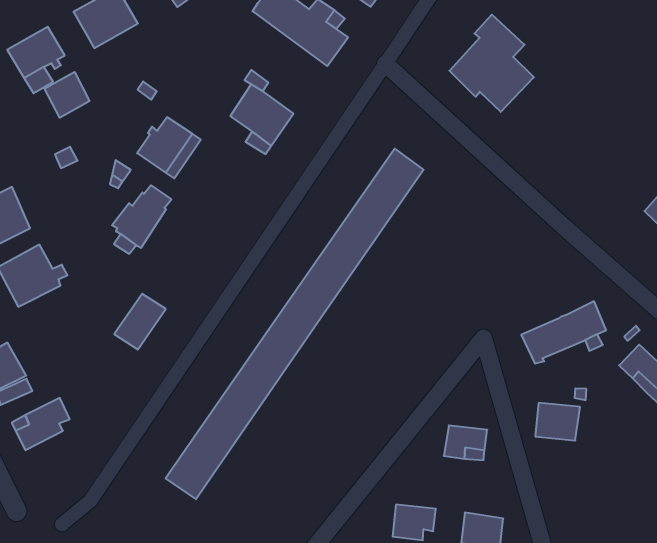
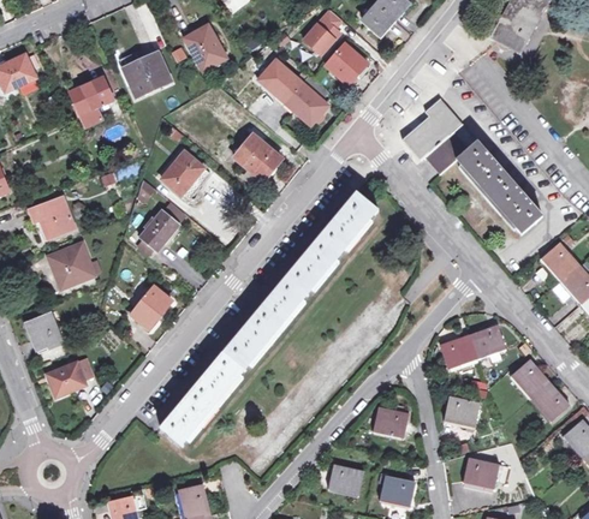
building: none -> [457,141,543,233]
building: [45,72,90,118] -> none
building: none -> [464,457,507,487]

